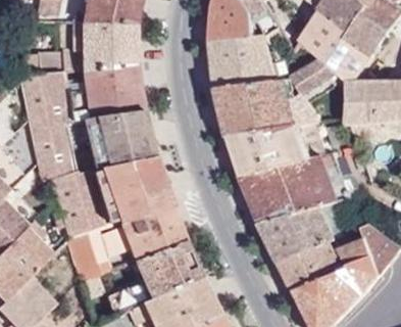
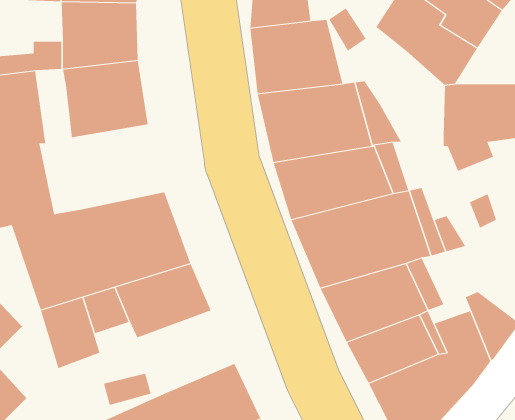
building: [291,58,338,94] -> none
building: [83,109,153,169] -> none
building: [134,239,202,298] -> none

